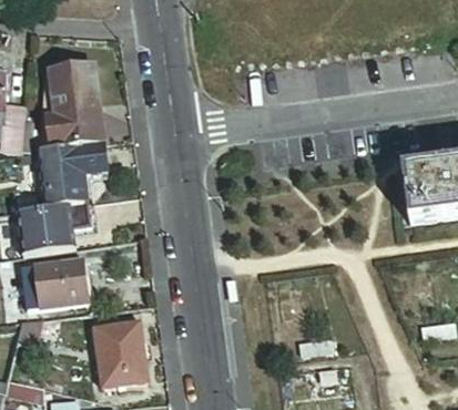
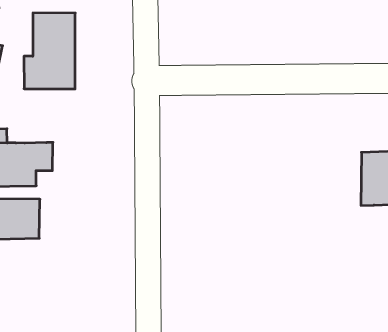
building: [43,144,106,207] -> none
building: [93,322,149,389] -> none

